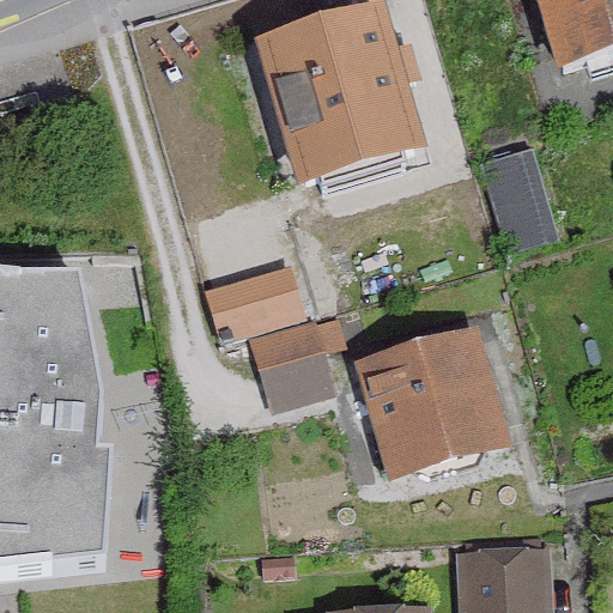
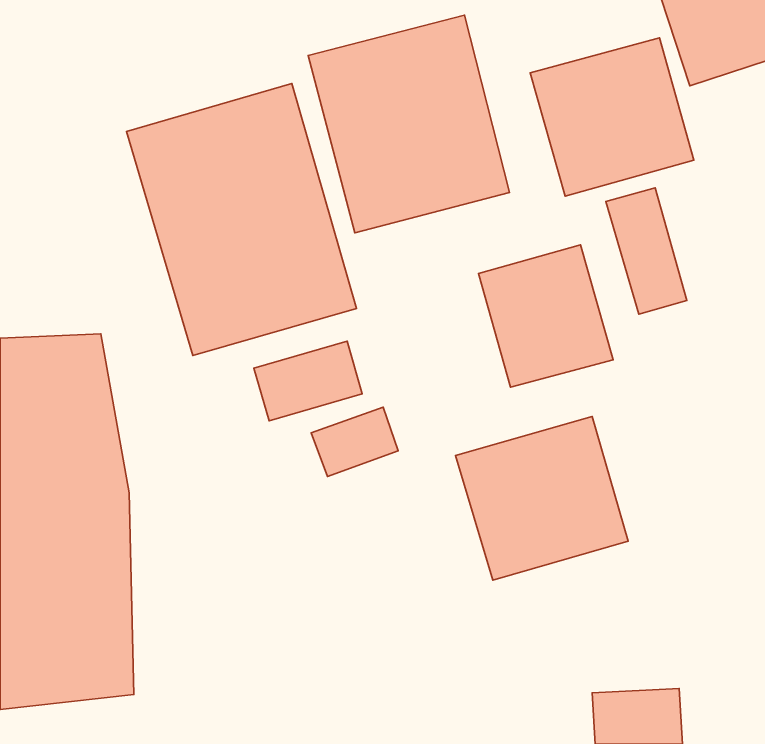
building: none -> [530,38,694,196]
building: none -> [127,83,357,356]
building: none -> [479,245,613,387]

